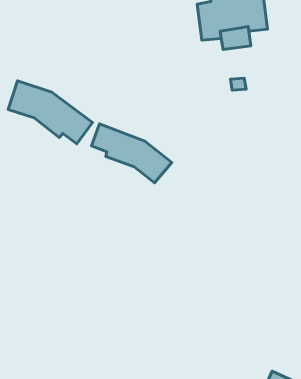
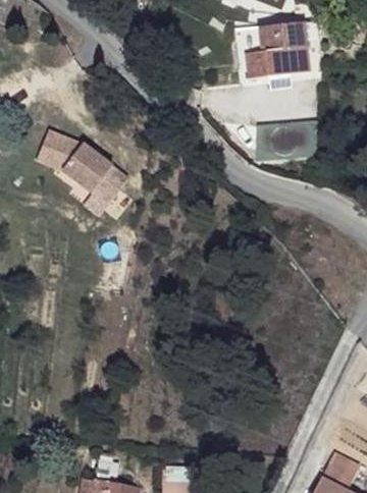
building: [92,124,172,183] -> none

